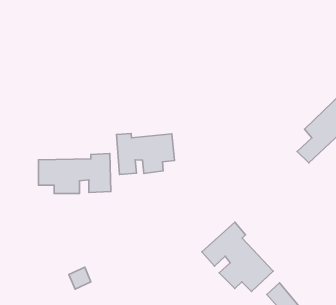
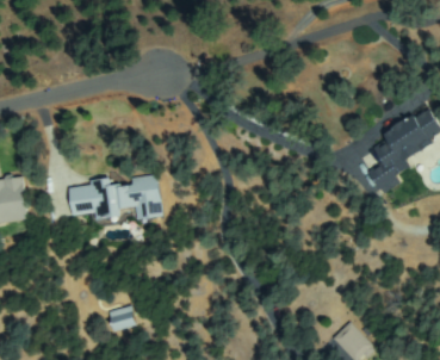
building: [117,134,174,174] -> none
building: [202,222,273,291] -> none

